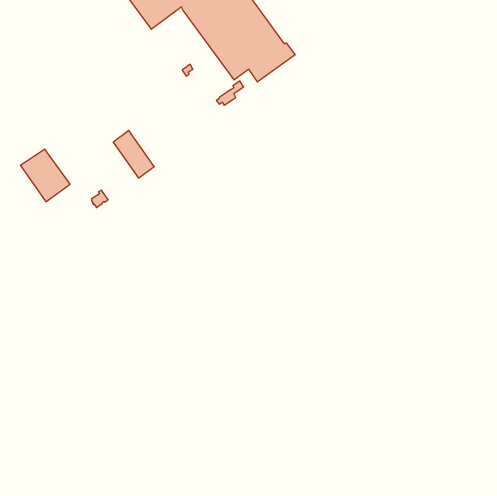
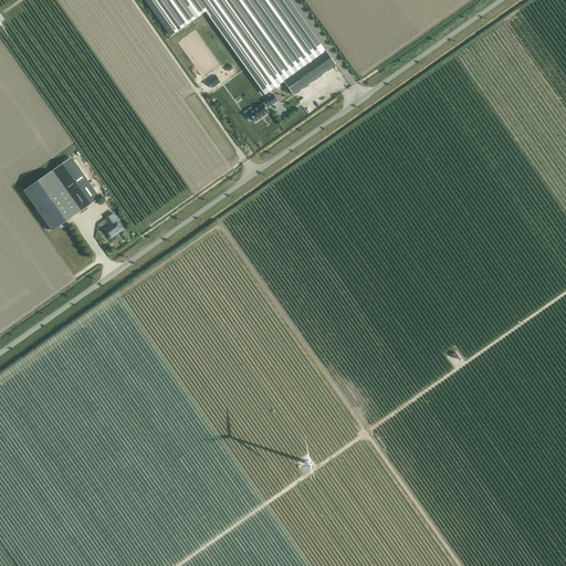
building: [113,130,154,178] -> [52,155,98,209]

